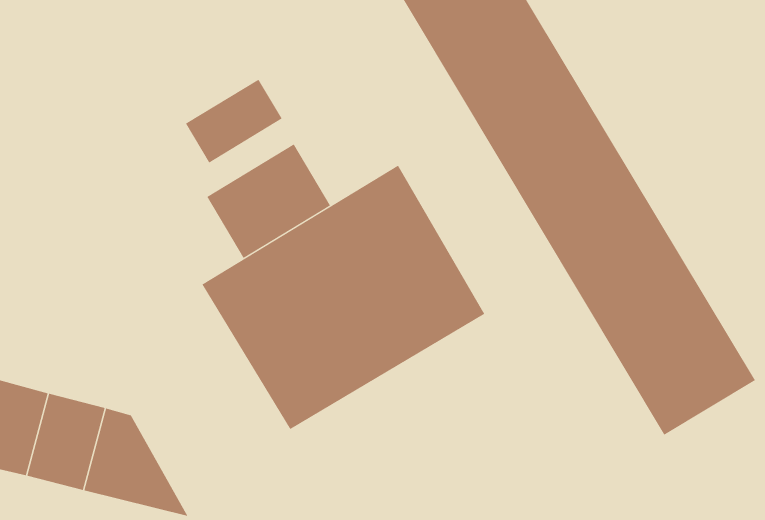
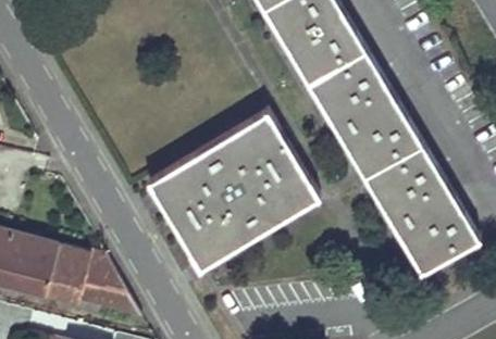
building: [185,79,282,164] -> none
building: [206,144,331,259] -> none

